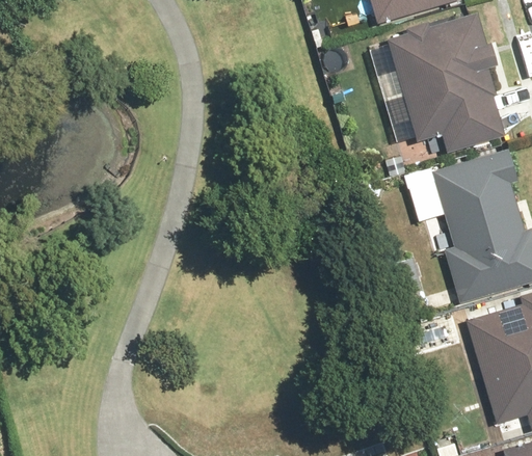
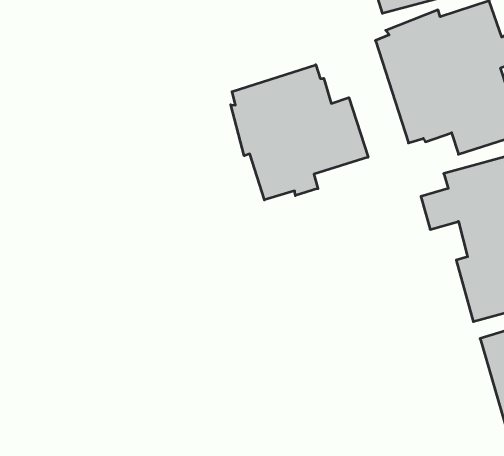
building: none -> [231,65,368,200]

